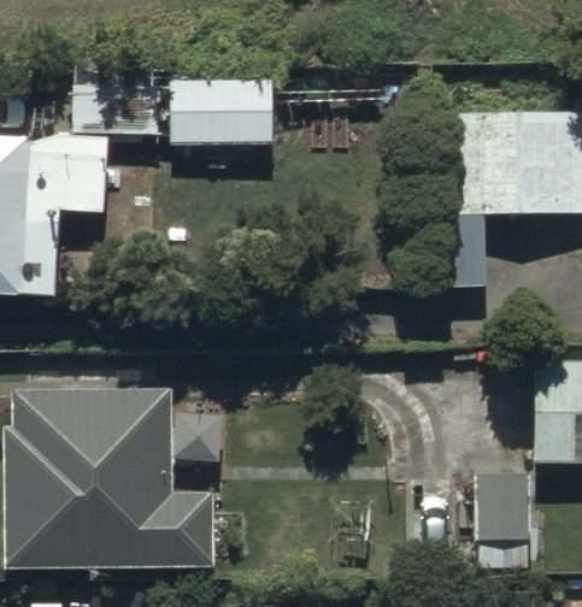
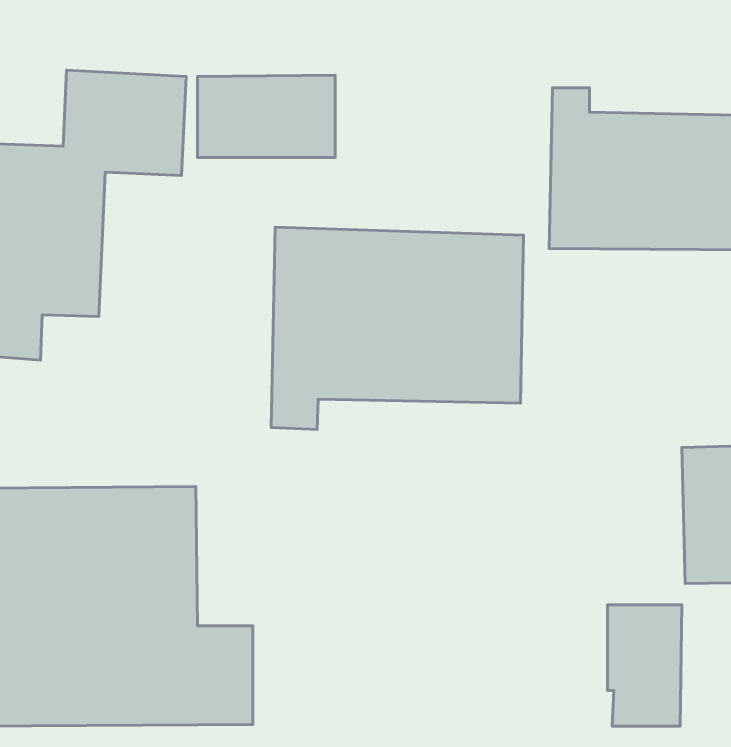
building: none -> [271,227,523,429]

